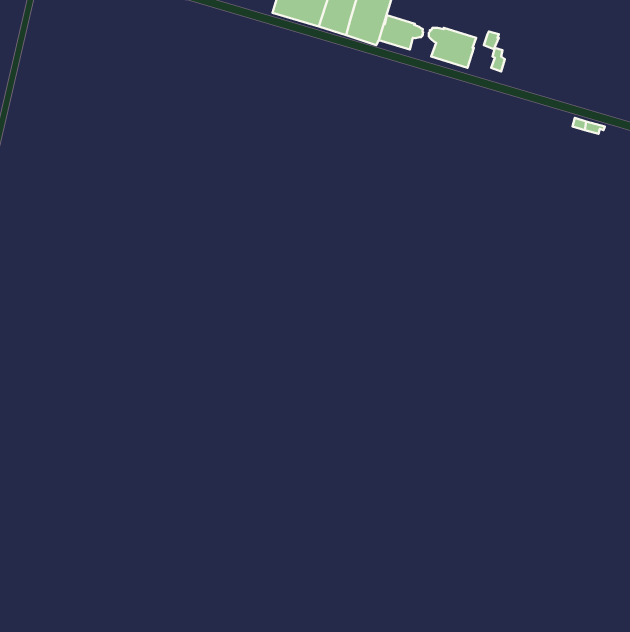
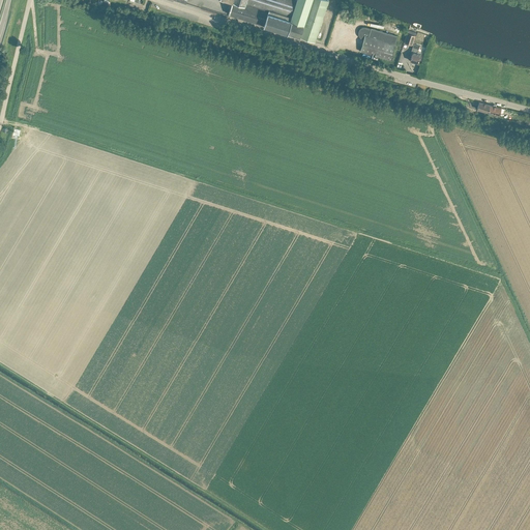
building: [379,15,423,50] -> none

